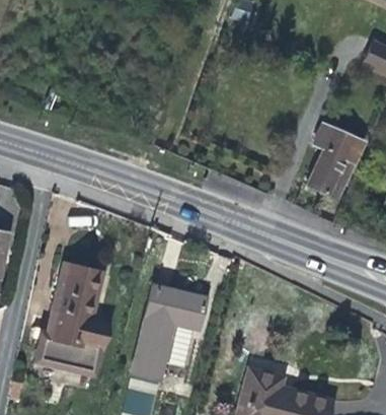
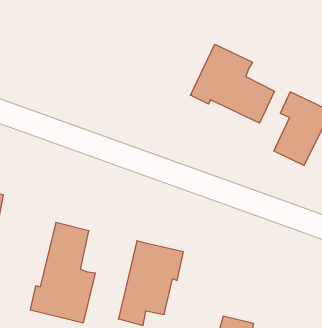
building: none -> [190,44,274,123]

